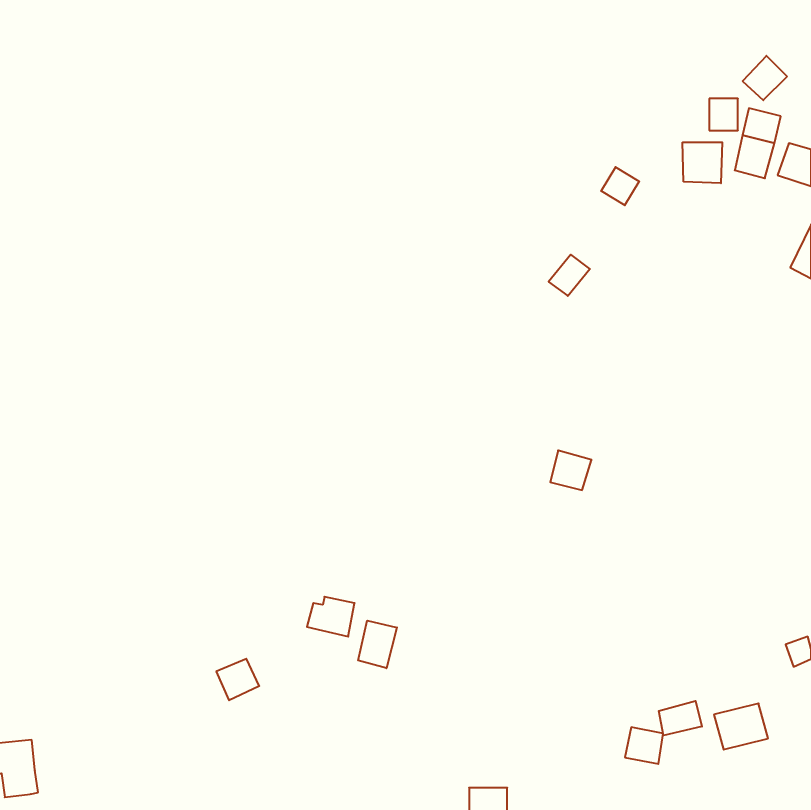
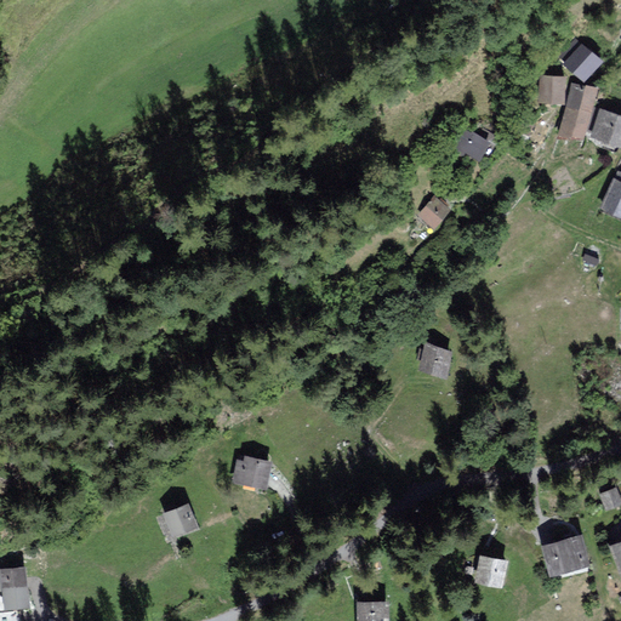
building: [683,142,722,183] -> none
building: [358,621,397,668] -> none
building: [659,701,702,735] -> none

